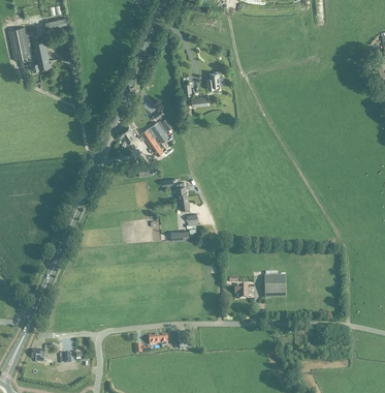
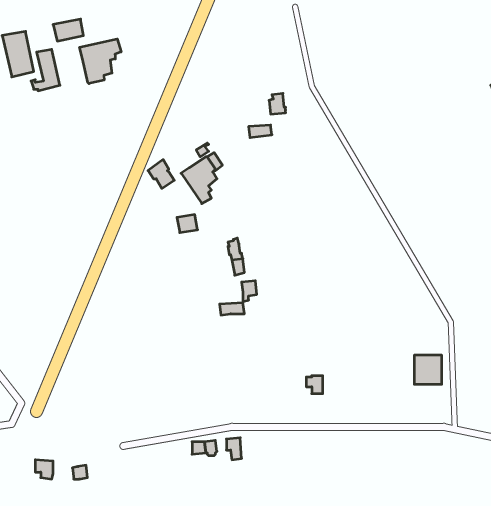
building: none -> [80,39,121,84]
building: [264,275,285,297] -> [414,355,442,384]

